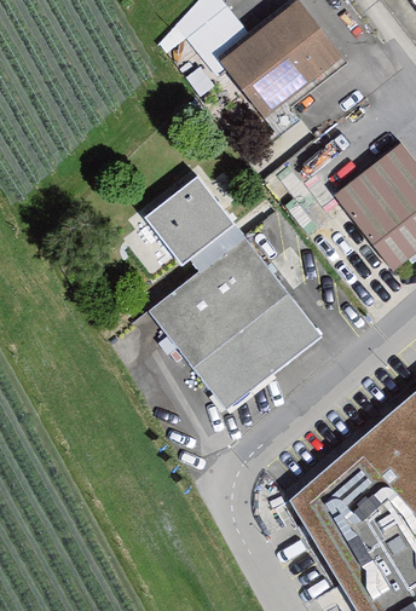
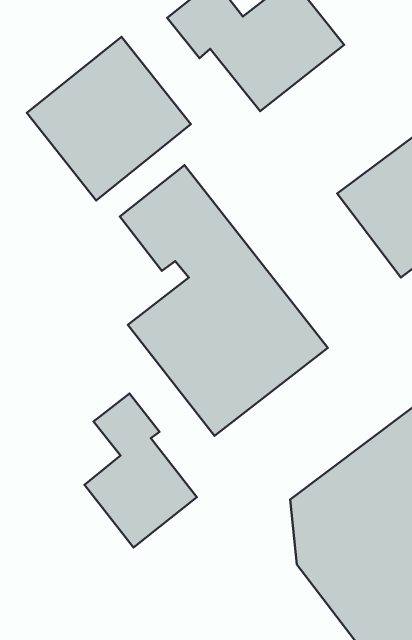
building: none -> [27,37,191,200]
building: none -> [84,393,197,547]

